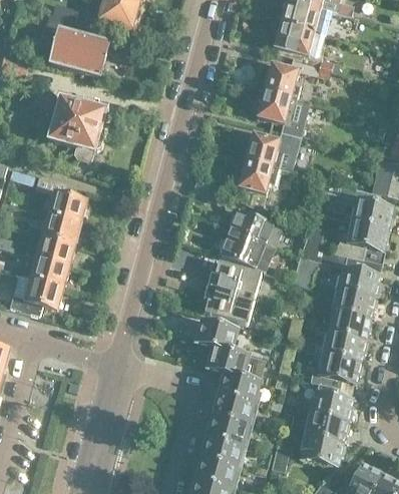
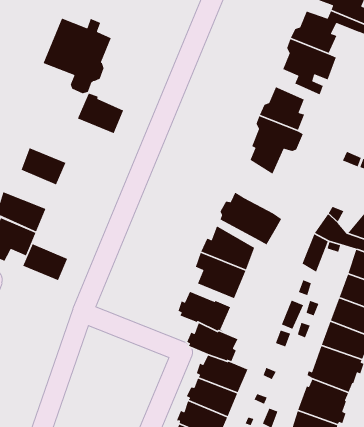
building: [47,188,87,221] -> [77,93,124,134]
building: [230,208,283,245] -> none
building: [36,233,75,264] -> [22,243,68,281]

